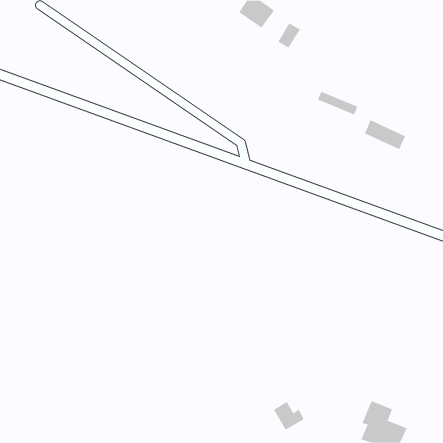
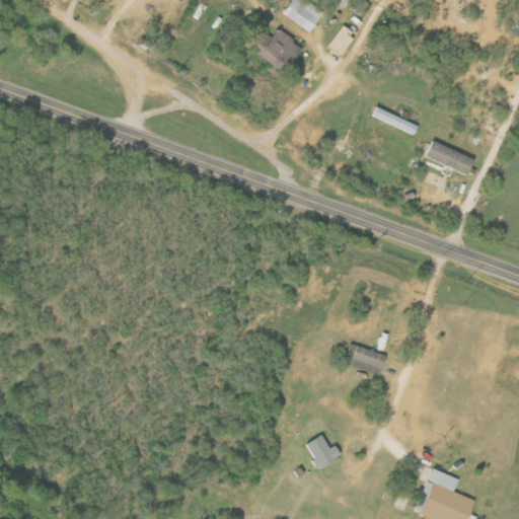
building: none -> [255,28,299,72]
building: none -> [345,343,387,375]
building: [273,401,304,431] -> [306,435,343,469]

